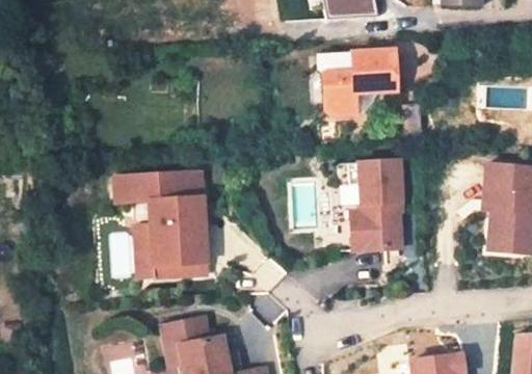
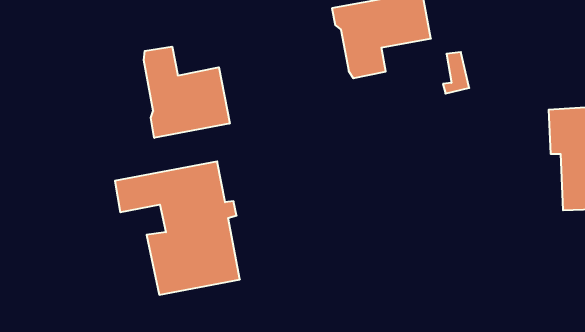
building: none -> [144,47,230,138]
building: [350,160,403,250] -> none

